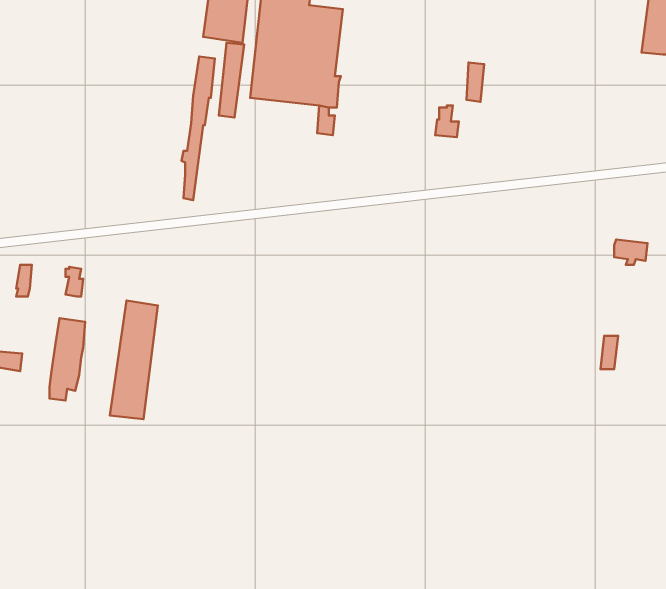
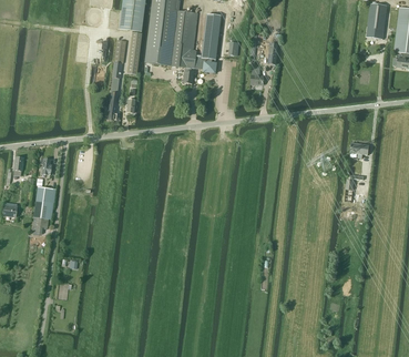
building: none -> [194,13,221,72]
building: [110,301,158,419] -> none

